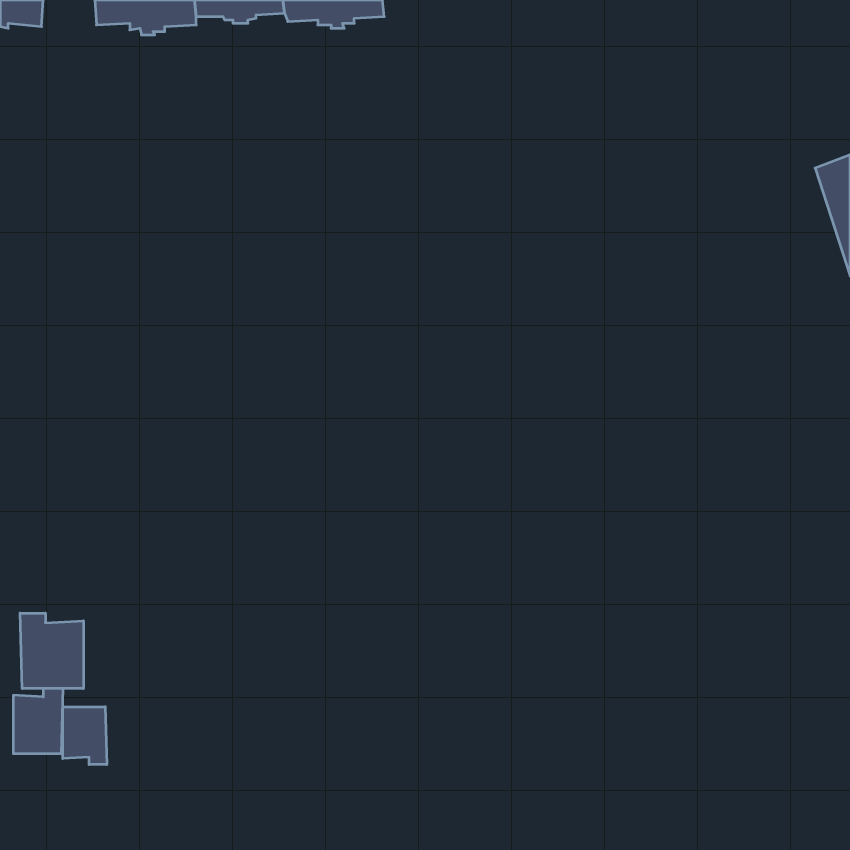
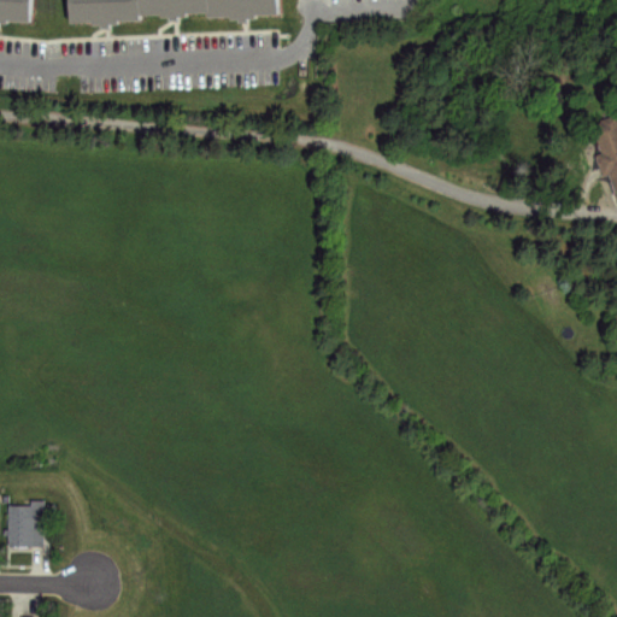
building: [20,613,83,689] -> none
building: [63,707,107,765] -> none

